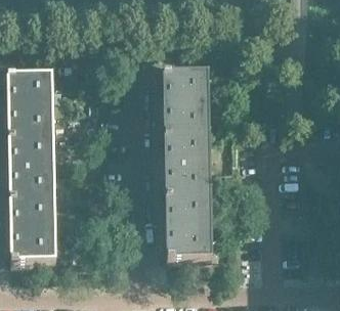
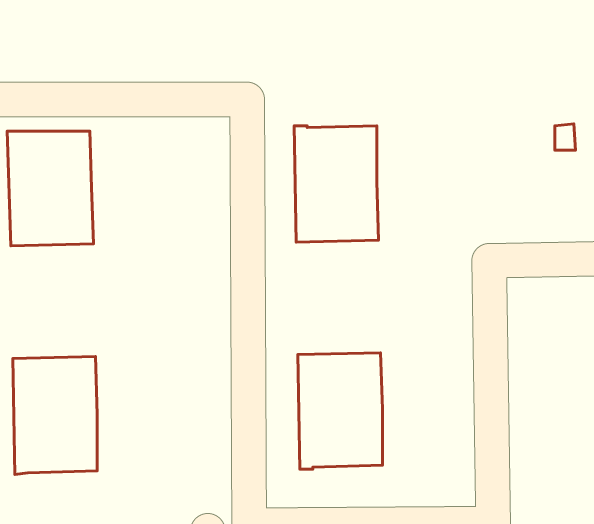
building: [165,136,211,198] -> none
building: [9,138,55,201] -> none

